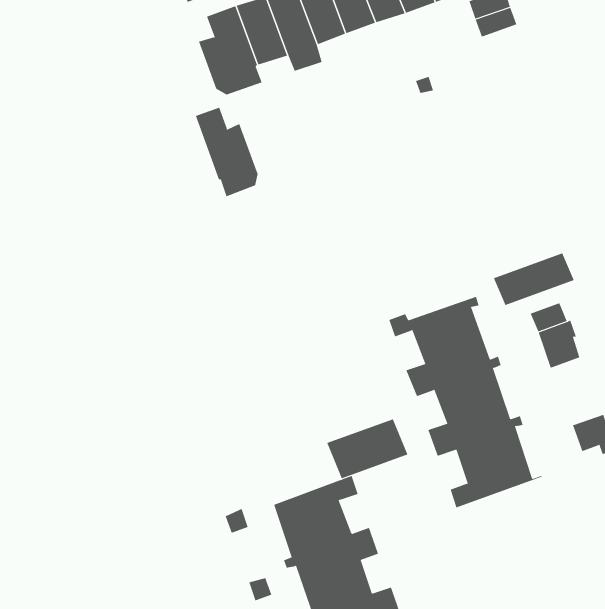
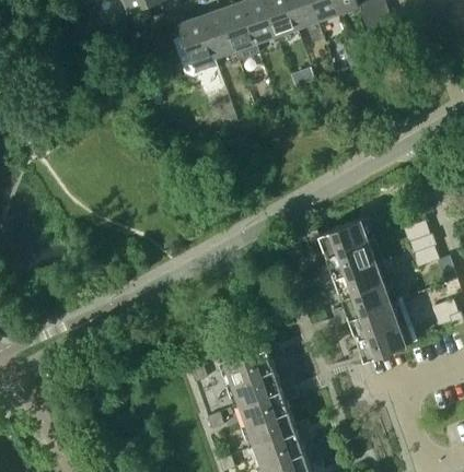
building: [195,107,258,197] -> none
building: [493,252,575,306] -> none
building: [327,418,408,479] -> none

